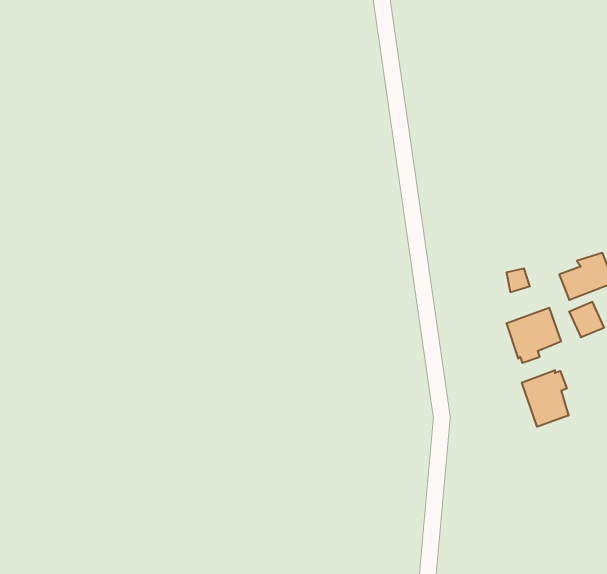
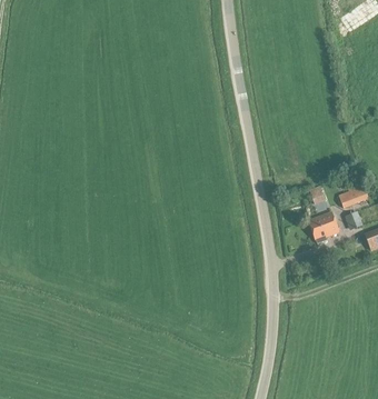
building: [522,370,569,427] -> none

